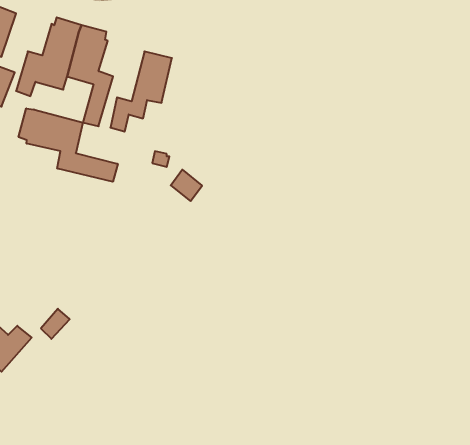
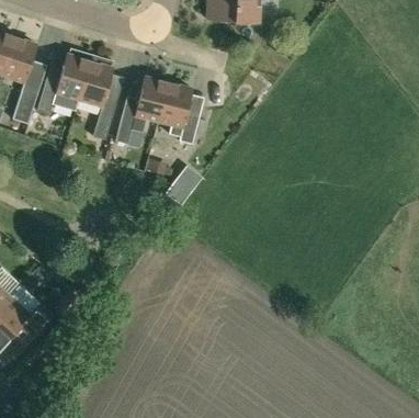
building: none -> [158,82,199,144]
building: [19,108,118,182] -> none

